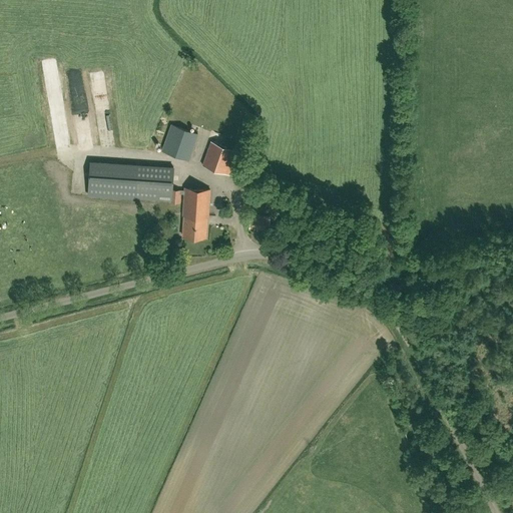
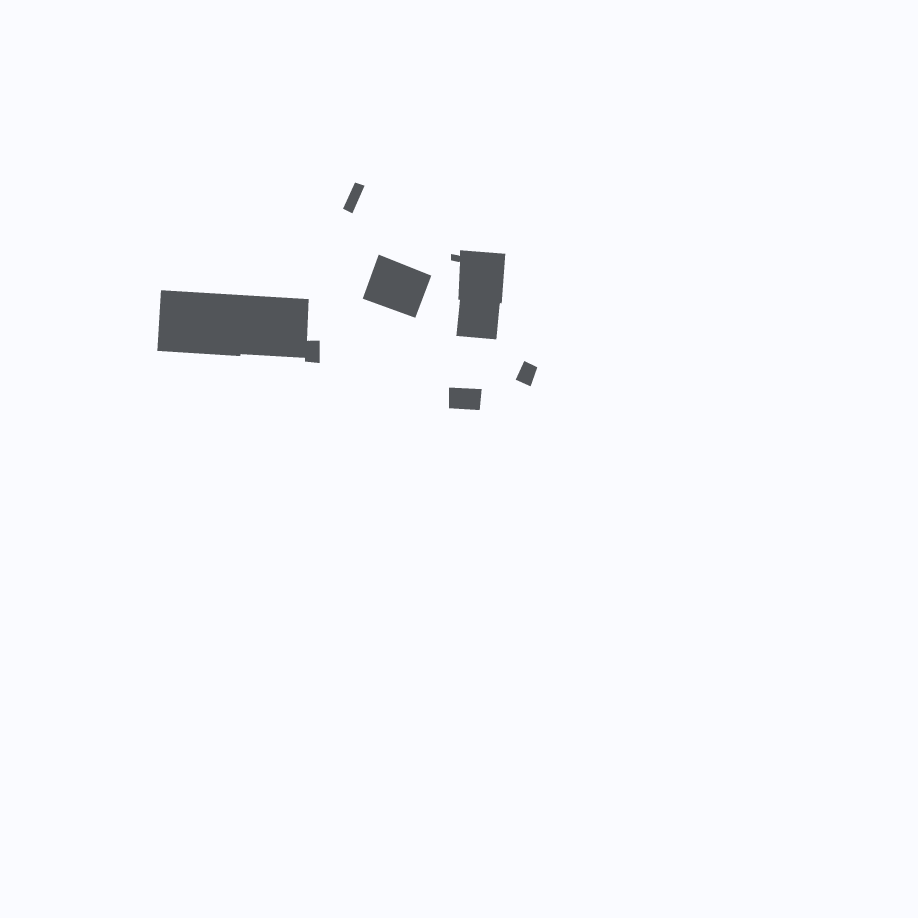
building: [161,125,197,160] -> none
building: [178,188,209,238] -> [450,250,506,340]

